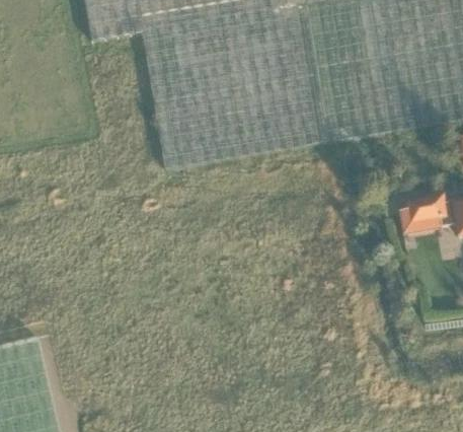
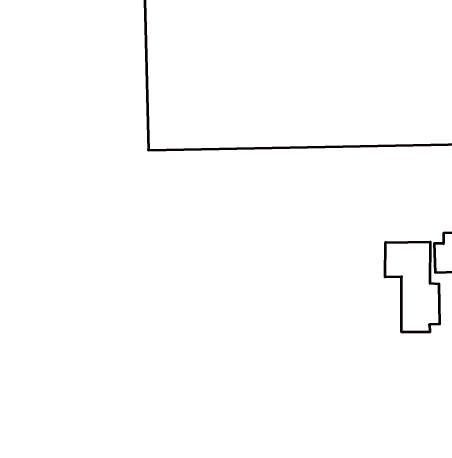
building: none -> [385,242,440,332]

